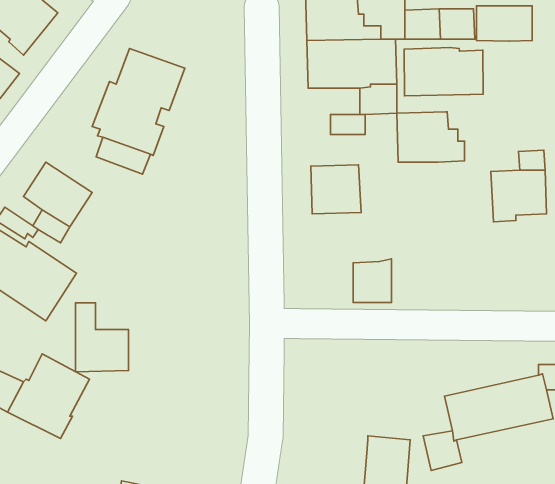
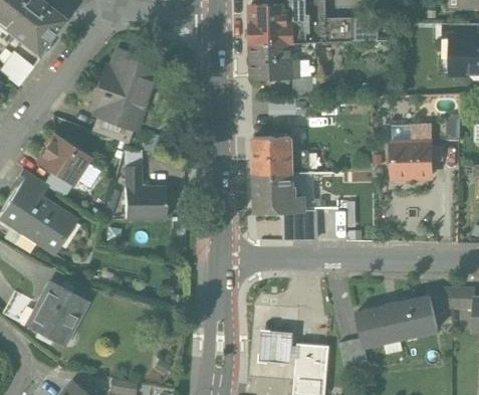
building: [476,6,532,41] -> none
building: [404,48,483,96] -> none
building: [397,112,464,162] -> [255,173,306,211]
building: [76,303,129,372] -> [125,167,165,219]
building: none -> [259,330,297,364]

